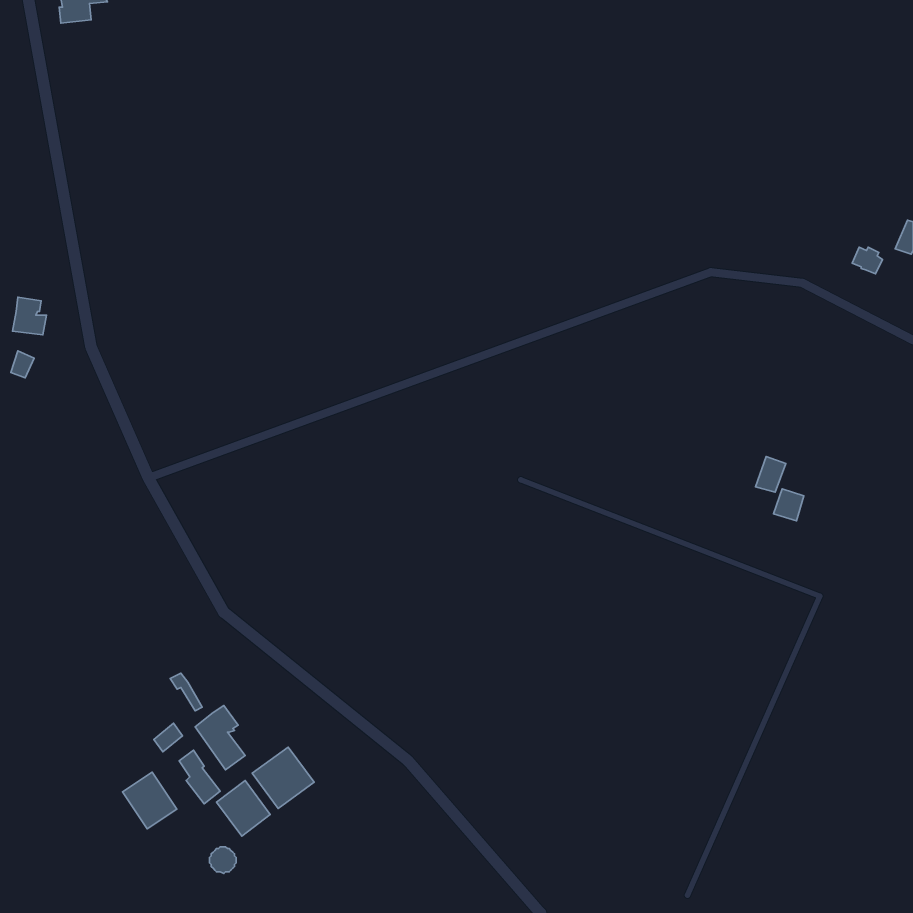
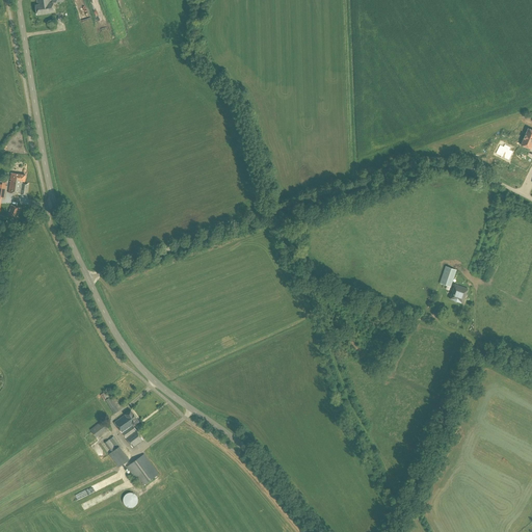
building: [252,747,314,808] -> none
building: [122,772,177,829] -> none

